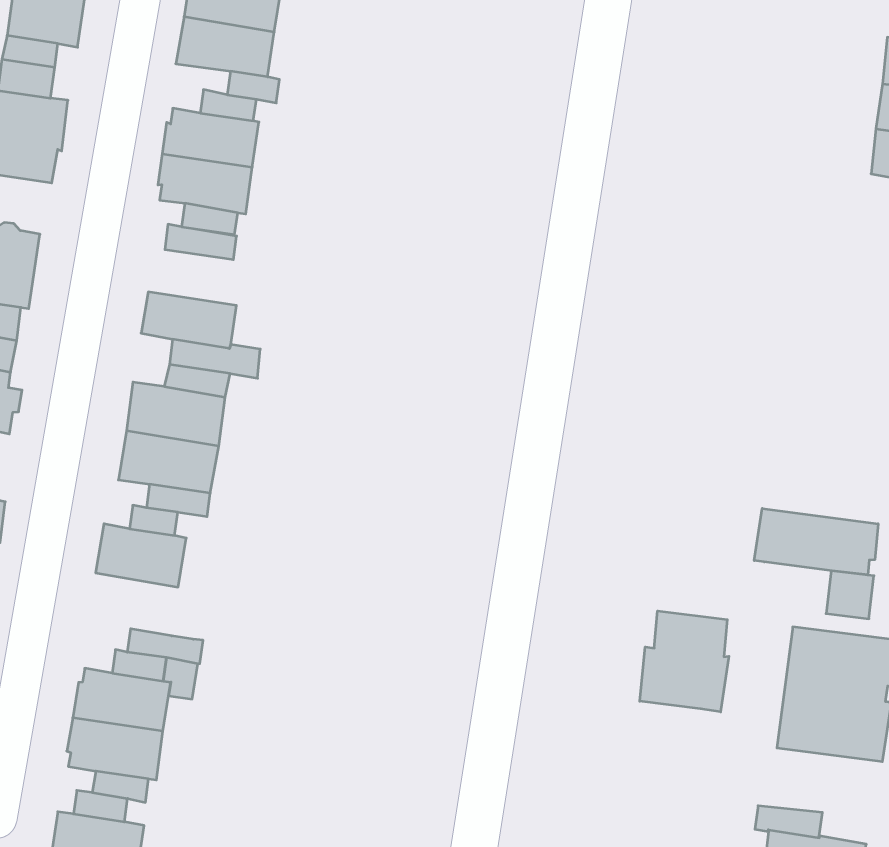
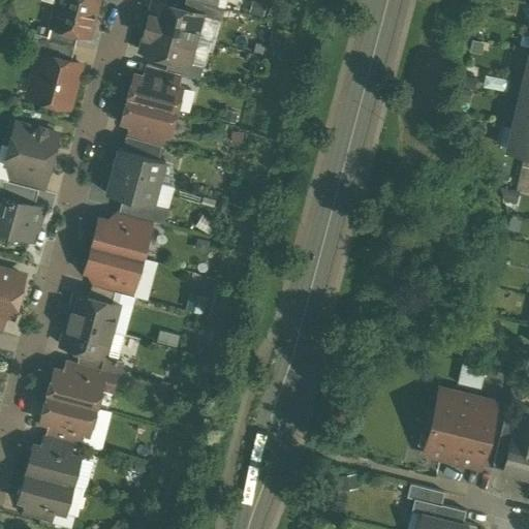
building: none -> [114,150,166,185]
building: [754,508,878,575] -> none
building: none -> [62,320,113,359]
building: [640,611,729,712] -> none

